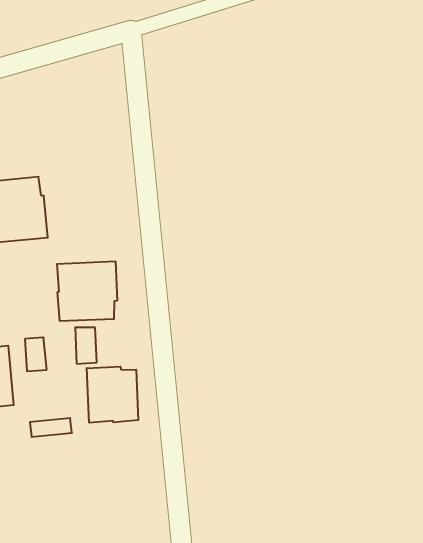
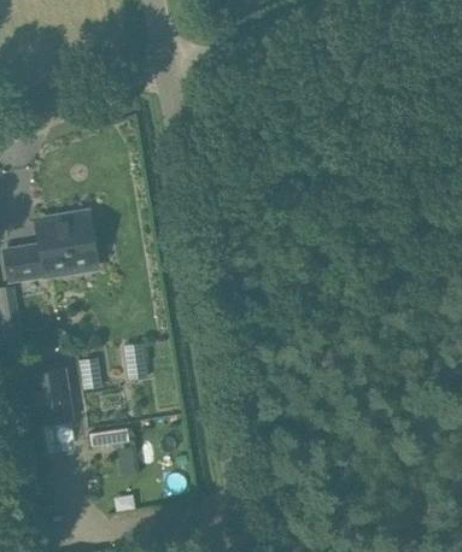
building: [57,261,117,321] -> none
building: [87,367,138,423] -> none

